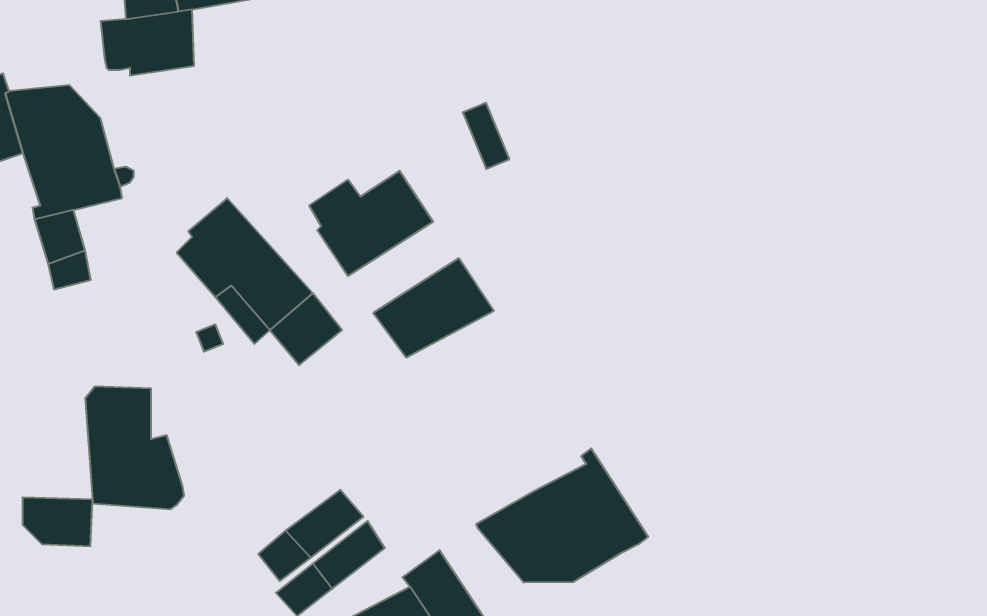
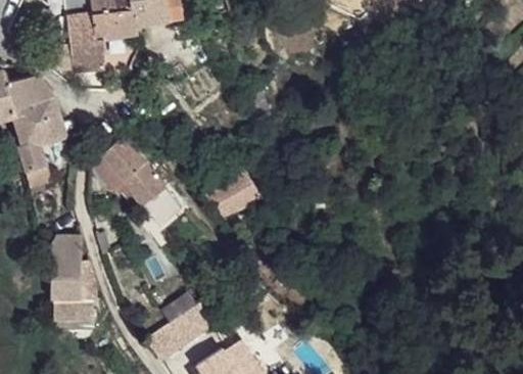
building: [309,171,433,276] -> none
building: [476,448,648,583] -> none
building: [22,497,93,546] -> [58,309,95,334]

